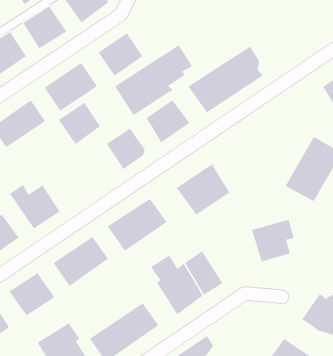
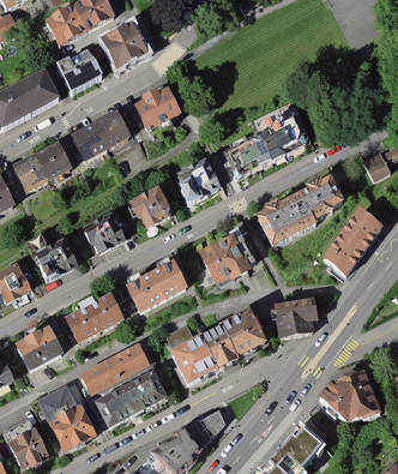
building: [114,44,193,116] -> [258,176,342,246]
building: [58,102,101,145] -> [83,209,127,252]
building: none -> [222,306,266,355]
building: none -> [82,343,151,394]

